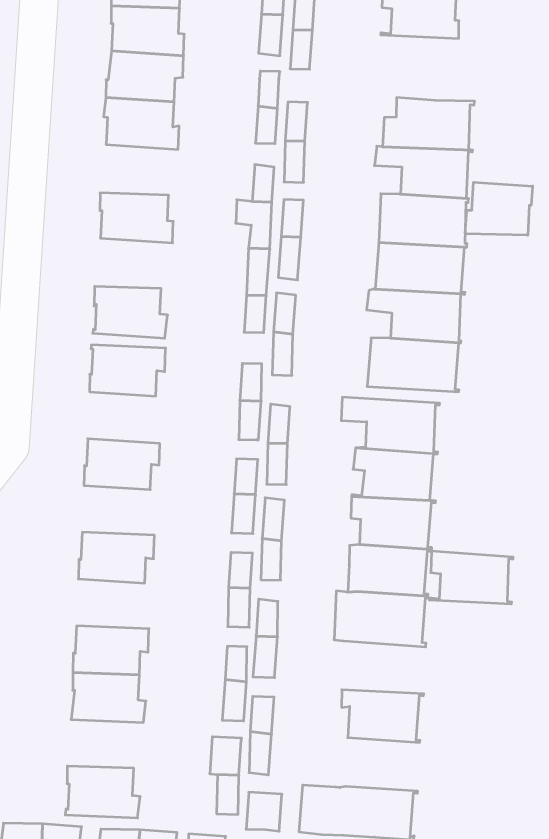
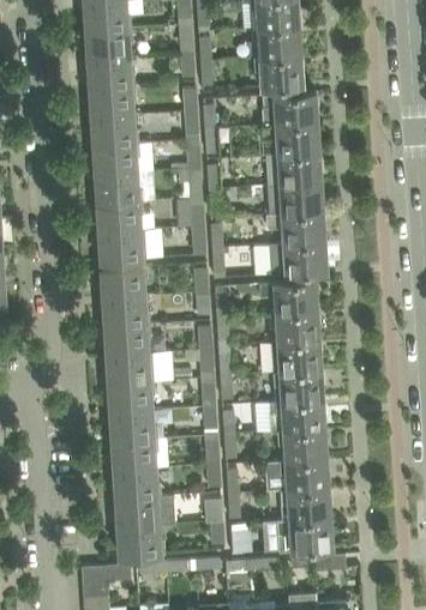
building: none -> [253,54,302,87]
building: none -> [94,143,139,175]
building: [465,182,533,235] -> none
building: none -> [97,200,143,232]
building: none -> [102,295,149,326]
building: none -> [106,350,172,383]
building: [429,551,513,604] -> [276,428,329,460]
building: none -> [109,410,156,441]
building: none -> [115,494,174,527]
building: none -> [280,487,332,520]

